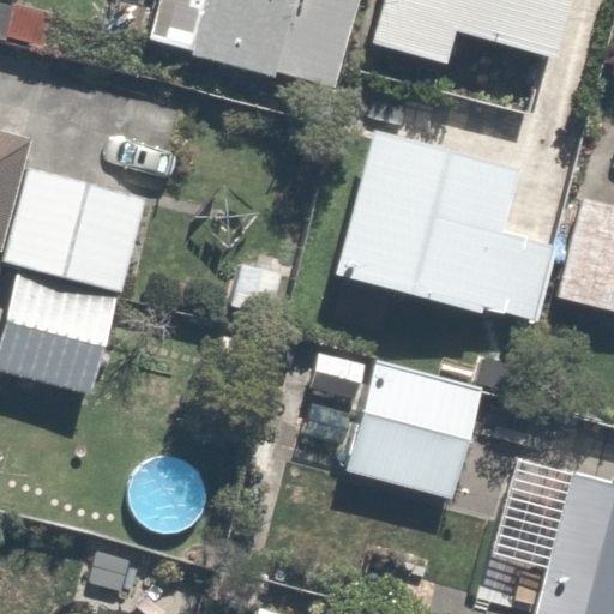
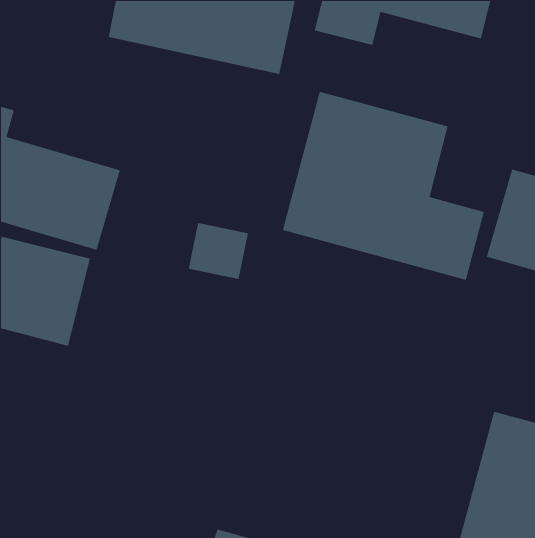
building: [320,347,480,499] -> none

